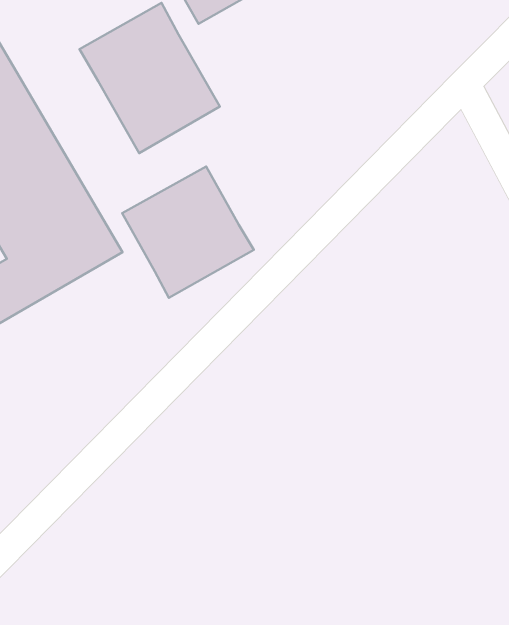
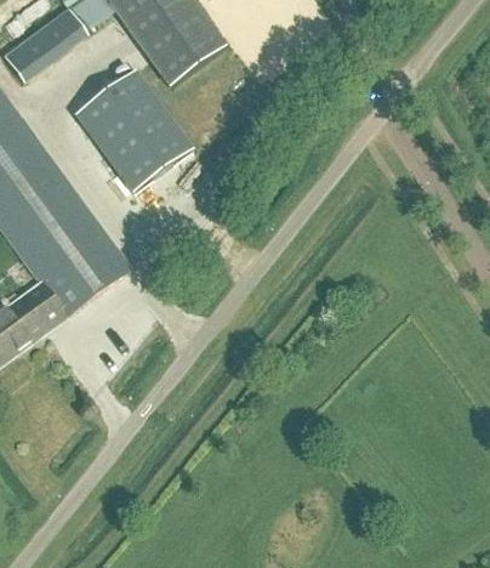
building: [122,167,254,298] -> none

